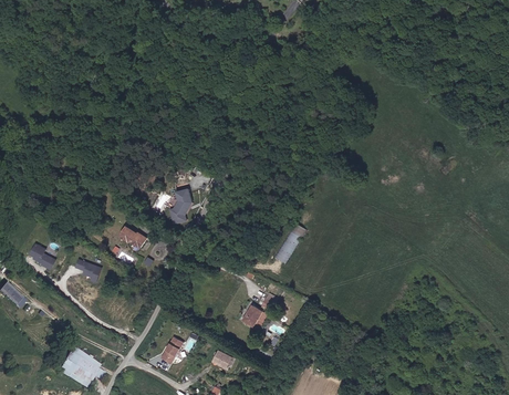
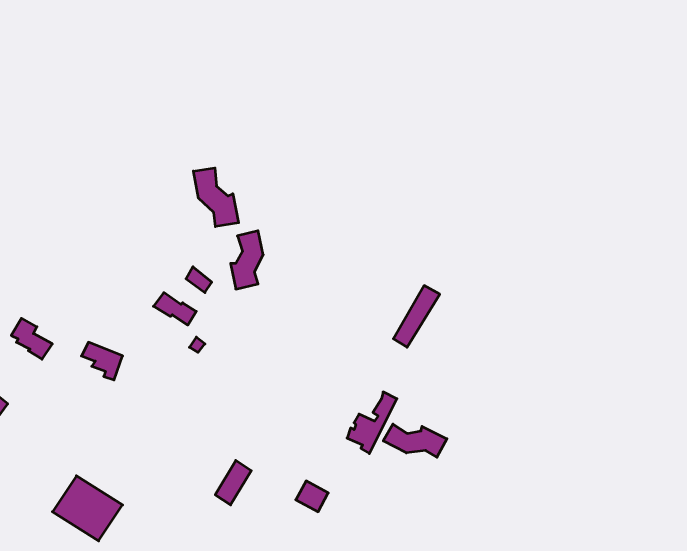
building: none -> [193,168,239,227]
building: none -> [383,424,447,457]

